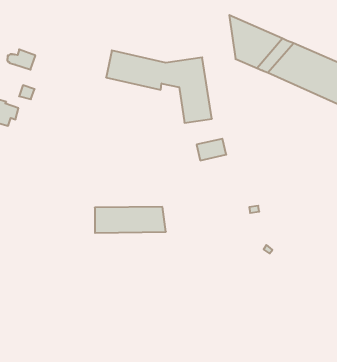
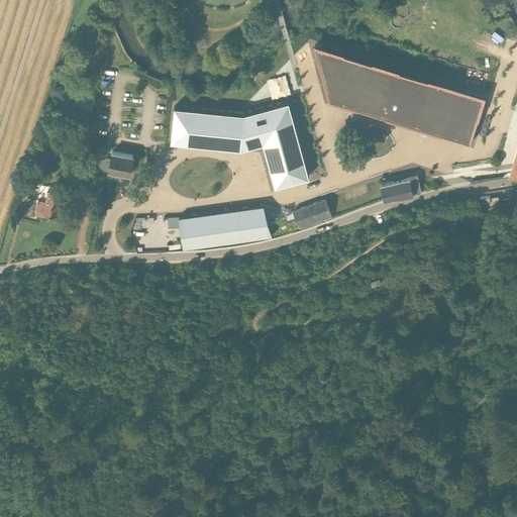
building: [7,49,35,70] -> [98,154,132,178]
building: none -> [380,180,420,204]
building: [95,207,166,233] -> [179,209,271,251]

